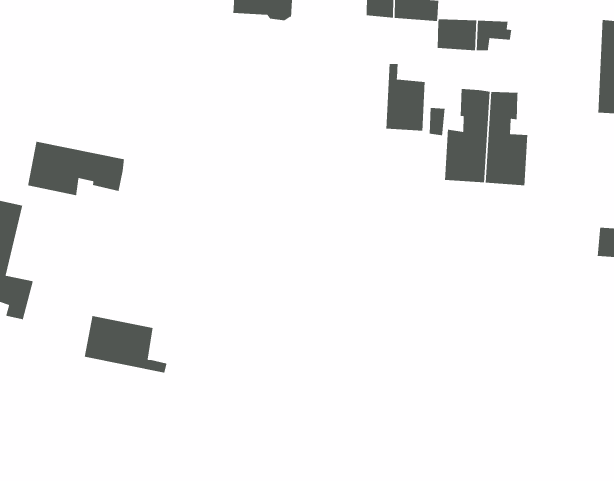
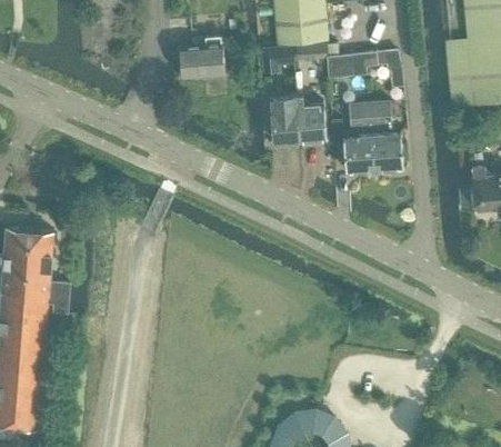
building: none -> [272,95,302,145]
building: [27,141,125,196] -> none
building: [84,315,168,373] -> none

